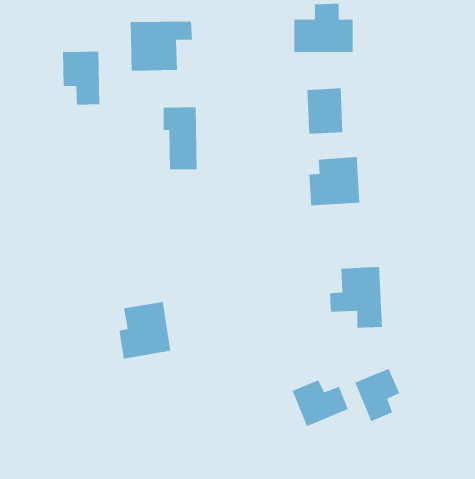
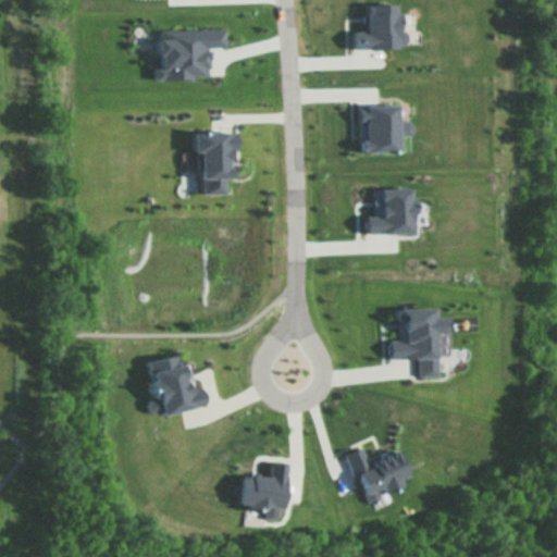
building: [62,51,100,106] -> none
building: [354,368,400,422] -> none
building: none -> [242,460,290,510]

